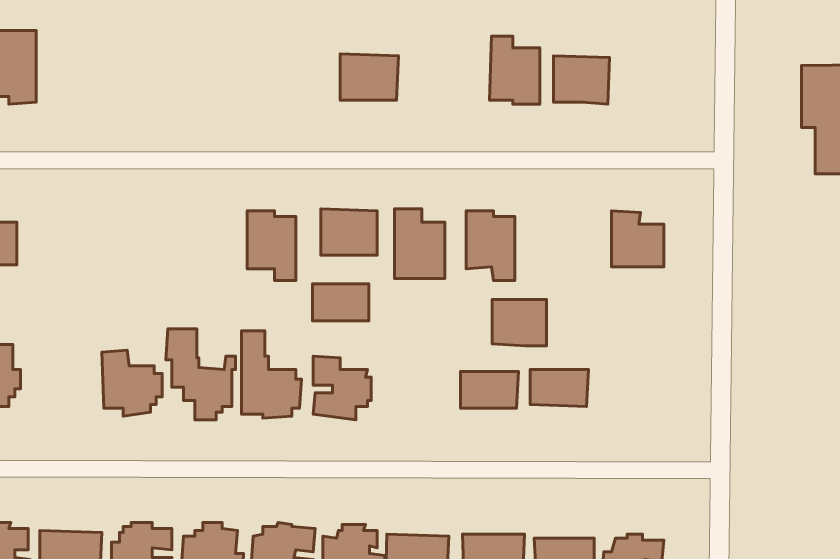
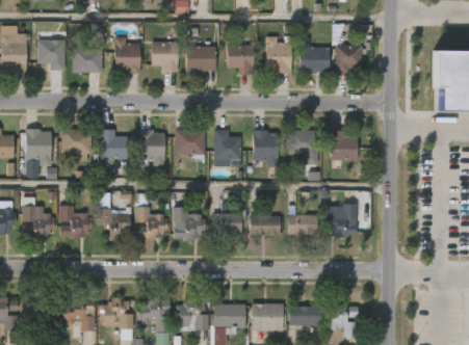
building: none -> [115,36,141,74]
building: none -> [228,36,255,75]
building: none -> [36,41,63,71]
building: none -> [152,42,179,72]
building: none -> [336,45,363,75]
building: none -> [70,48,101,74]
building: none -> [23,129,55,166]
building: none -> [59,129,89,162]
building: none -> [98,130,125,159]
building: [313,284,369,321] -> [210,214,240,234]
building: [492,299,546,346] -> [289,130,318,155]
building: none -> [20,197,53,239]
building: none -> [327,204,359,238]

